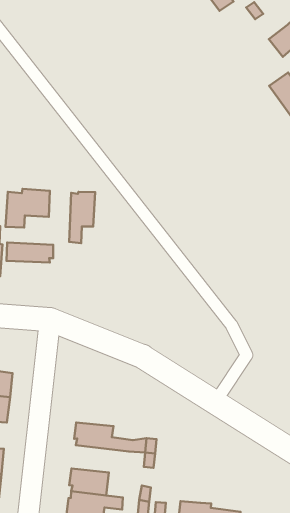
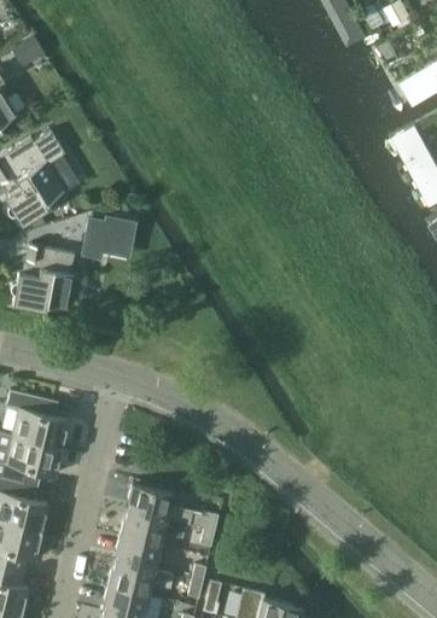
building: [69,192,95,243] -> none
building: [6,243,53,263] -> none
building: none -> [120,511,186,546]

